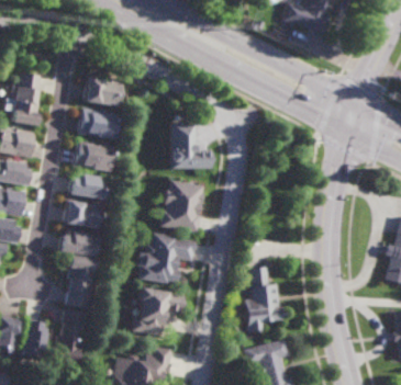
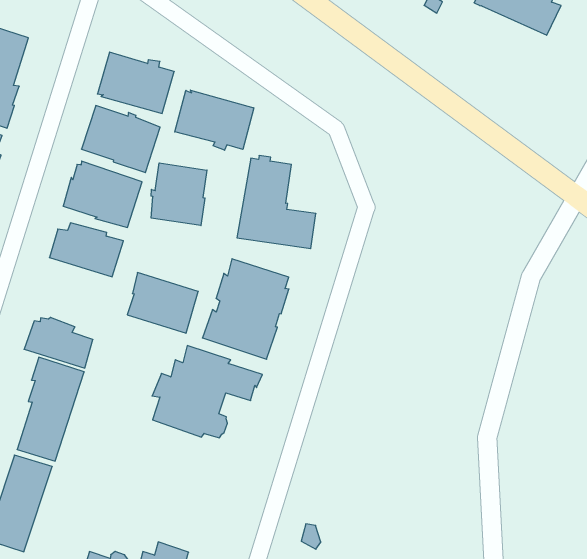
building: none -> [175,90,254,150]
building: none -> [151,163,207,226]
building: [67,202,104,231] -> [127,273,198,333]
building: [245,264,286,332] -> none
building: [133,285,186,335] -> none

